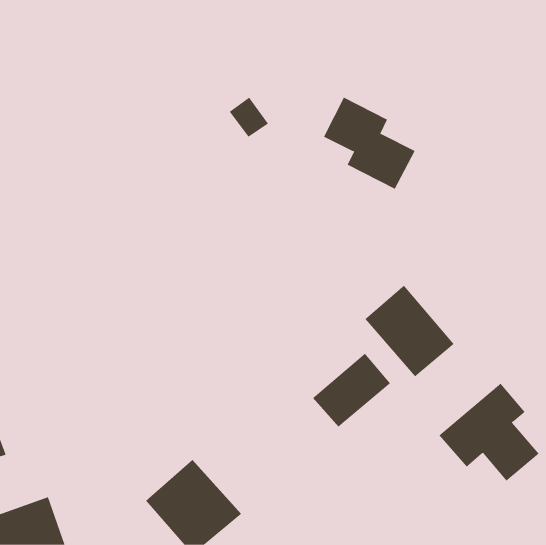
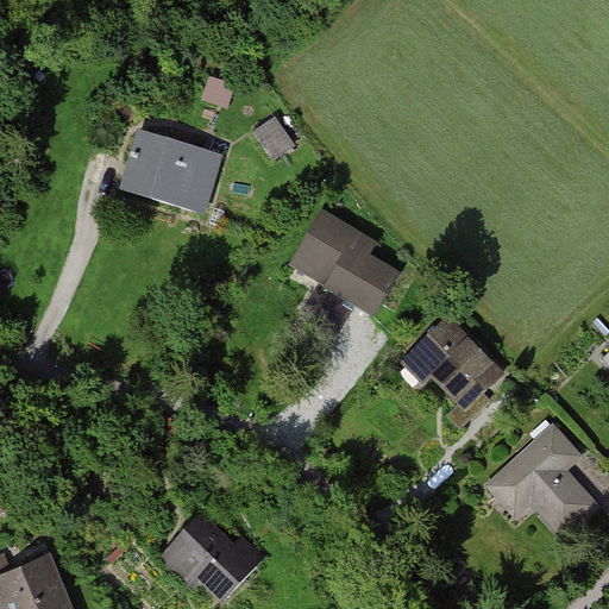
building: [323,97,416,189] -> [295,214,397,316]
building: none -> [115,127,221,215]
building: [312,353,391,428] -> none

